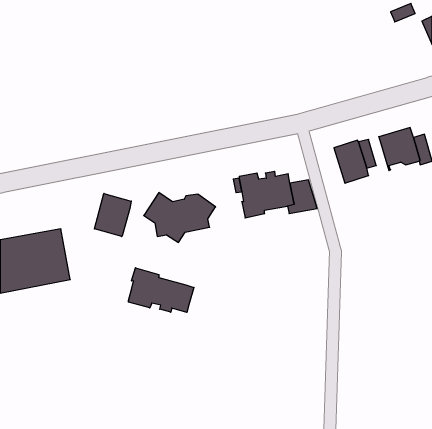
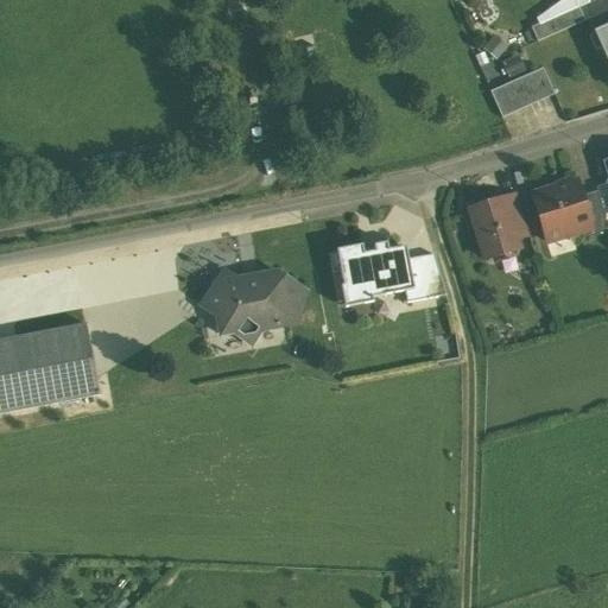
building: none -> [489,66,553,115]
building: [94,193,131,237] -> none
building: [129,268,194,312] -> none

